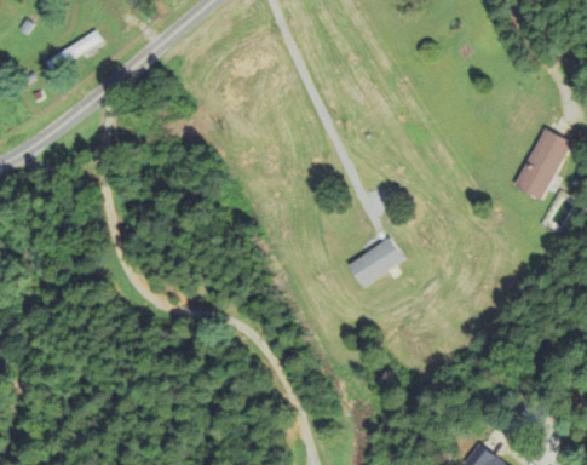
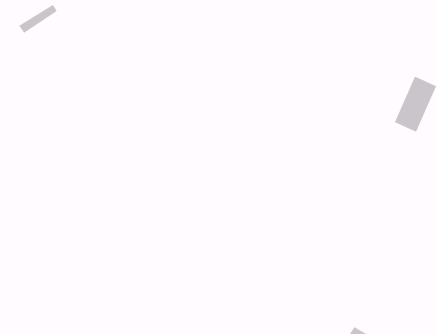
building: [345,240,403,288] -> none

